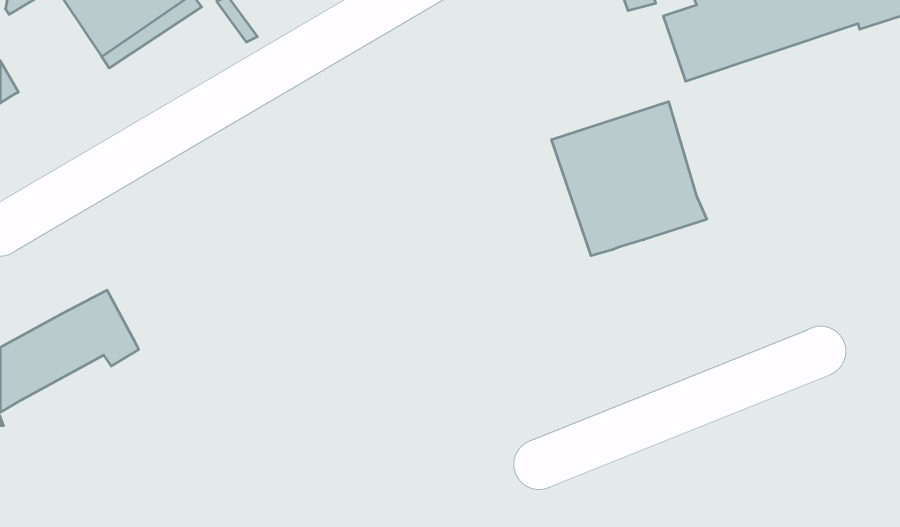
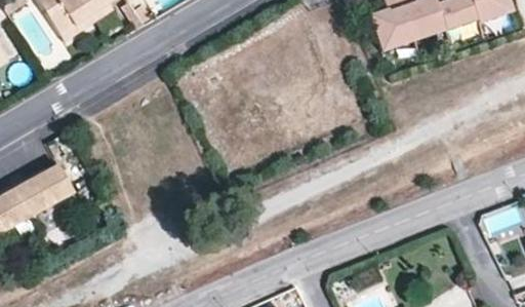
building: [552,102,707,256] -> none

